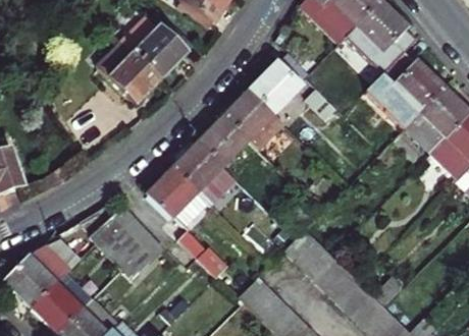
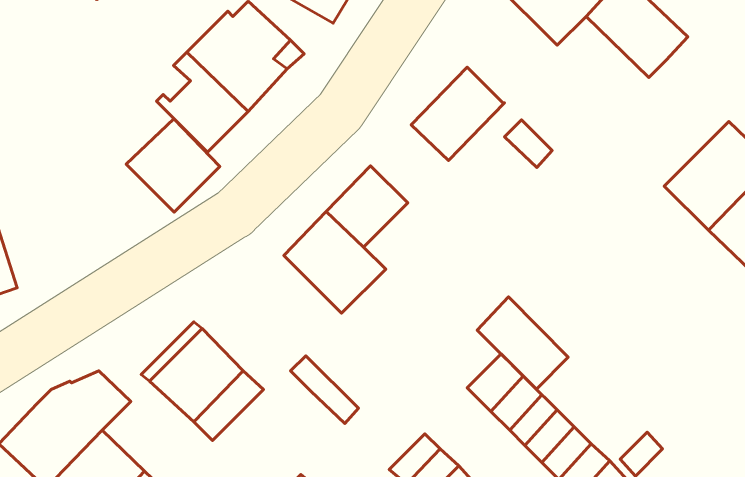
building: [366,53,442,128] -> none
building: none -> [126,119,220,212]
building: [227,92,284,149] -> none
building: [150,170,208,225] -> none
building: none -> [477,297,568,389]

